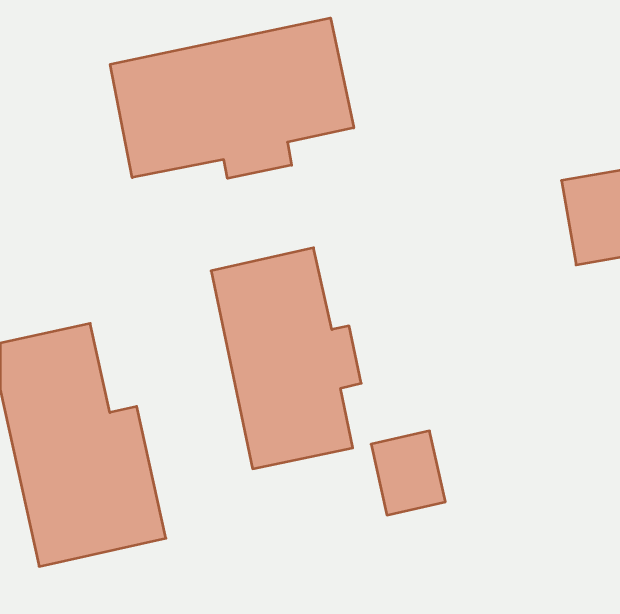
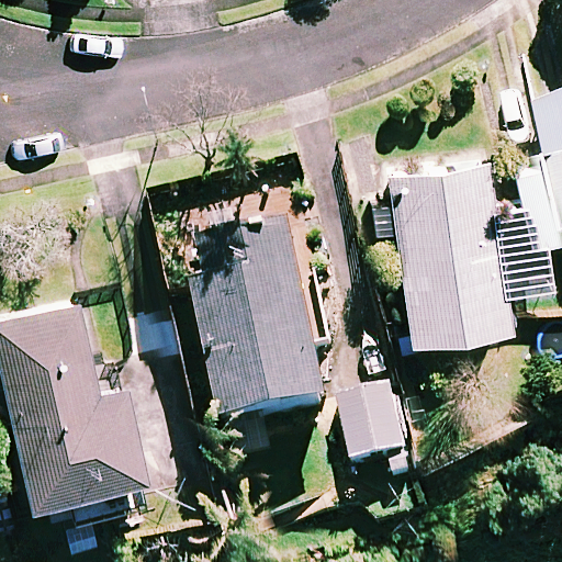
building: [110,18,354,178] -> none
building: none -> [387,164,504,337]

